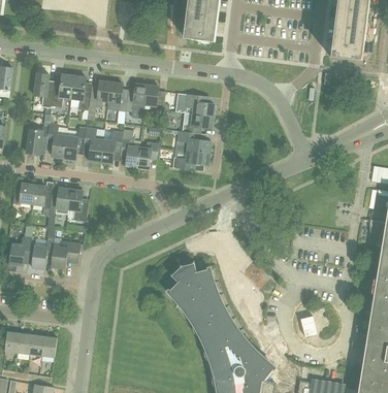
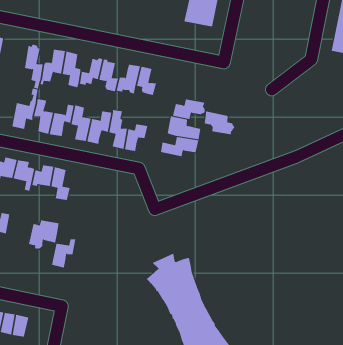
building: [184,93,215,114] -> [204,111,235,135]
building: [30,239,53,268] -> [51,239,76,268]

